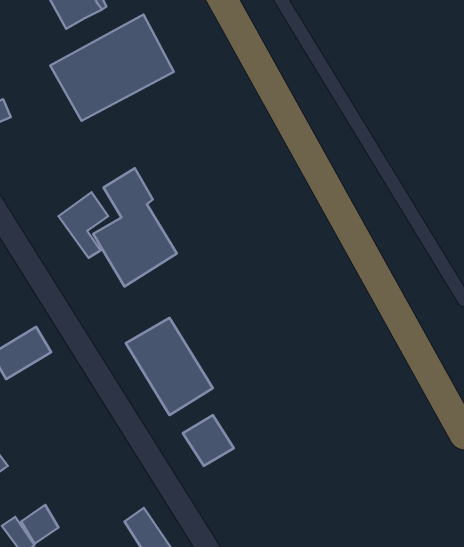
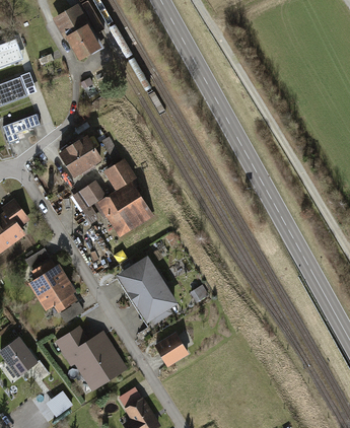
building: [50,15,174,121] -> none
building: none -> [59,136,102,177]
building: none -> [38,283,78,317]
building: none -> [58,327,129,395]

